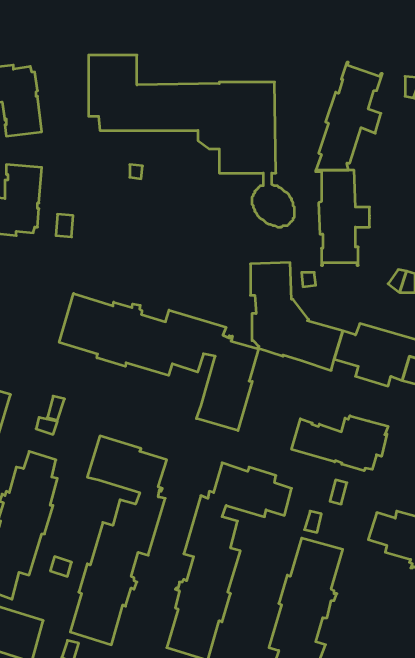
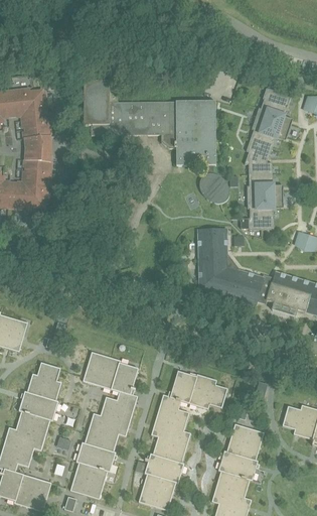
building: none -> [24,136,50,161]
building: [59,293,258,431] -> none
building: [292,416,388,471] -> none

